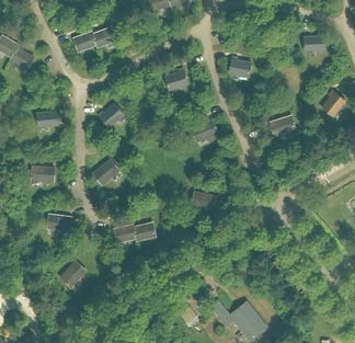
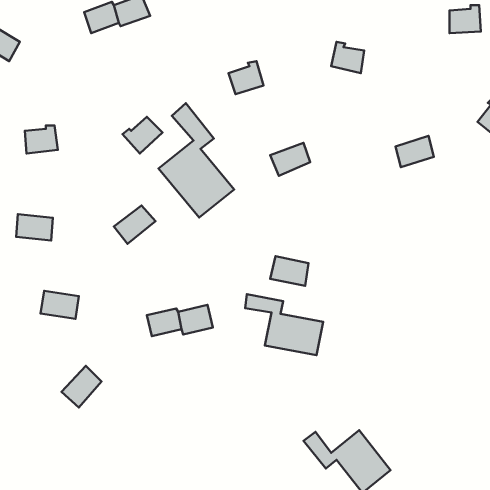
building: none -> [158,103,234,218]
building: none -> [245,294,323,355]

